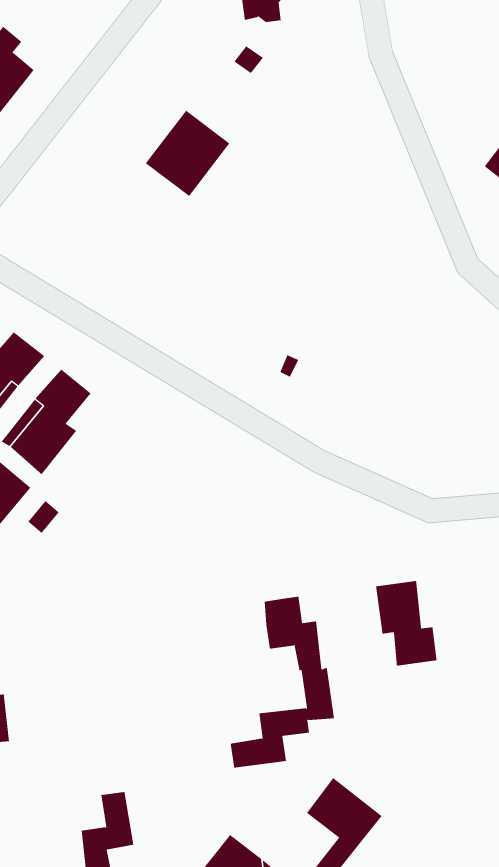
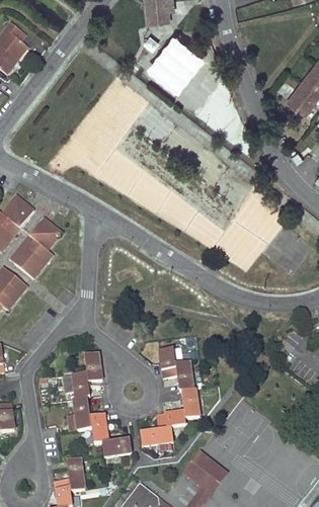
building: [145,110,230,197] -> [152,36,201,86]
building: [375,580,437,666] -> none
building: none -> [63,353,131,456]

